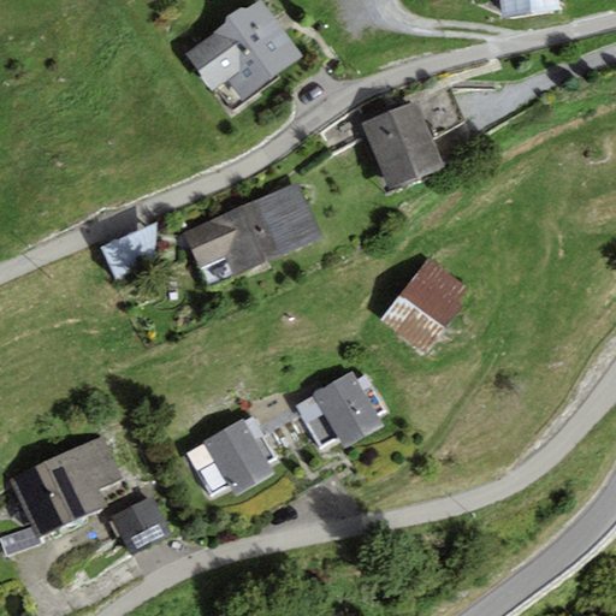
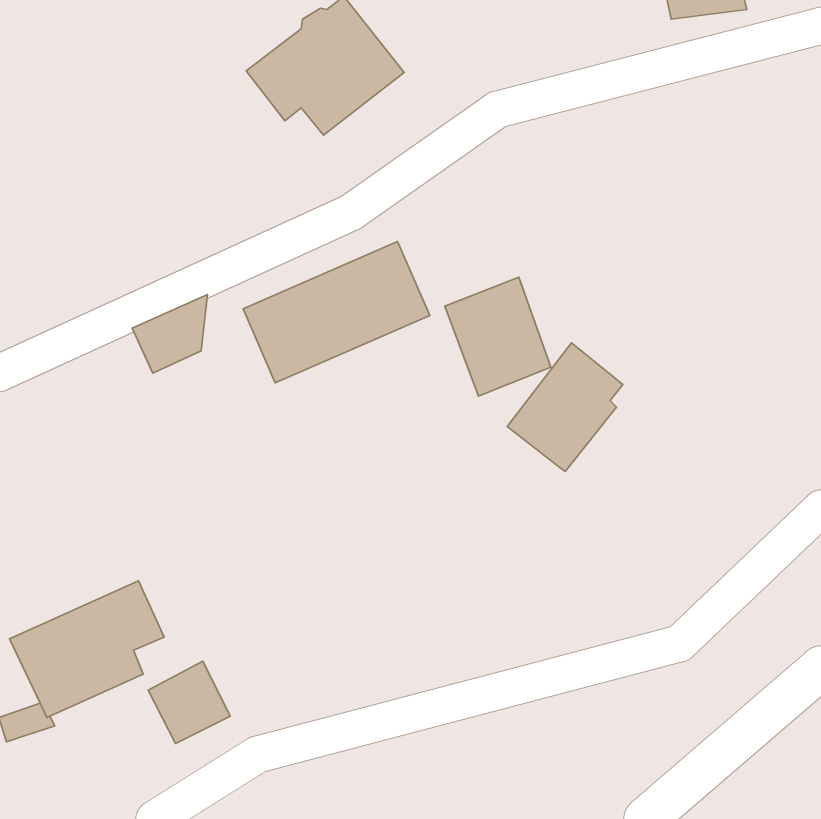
building: [361,100,440,189] -> [445,277,551,396]
building: [295,369,385,449] -> none
building: [184,415,276,496] -> none

